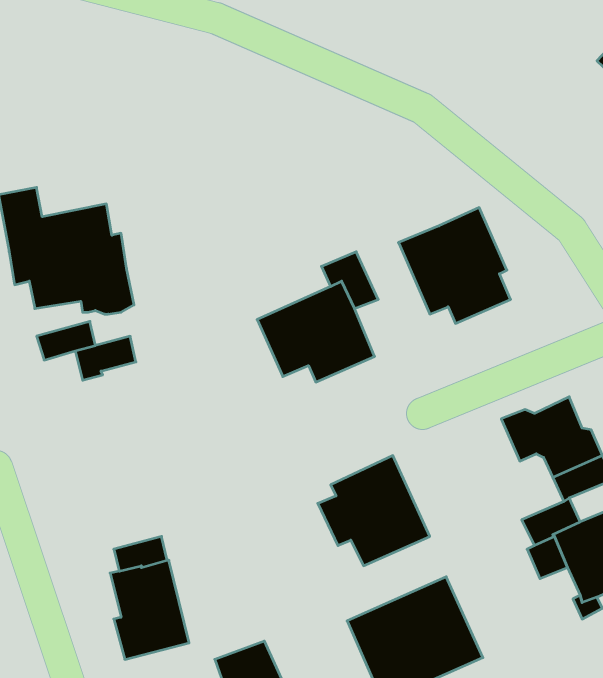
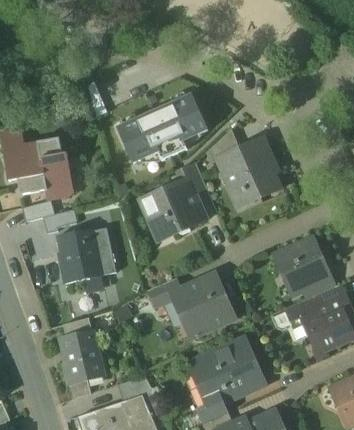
building: none -> [117,93,208,162]
building: none -> [206,128,240,163]
building: none -> [58,231,114,282]
building: none -> [148,277,184,307]

